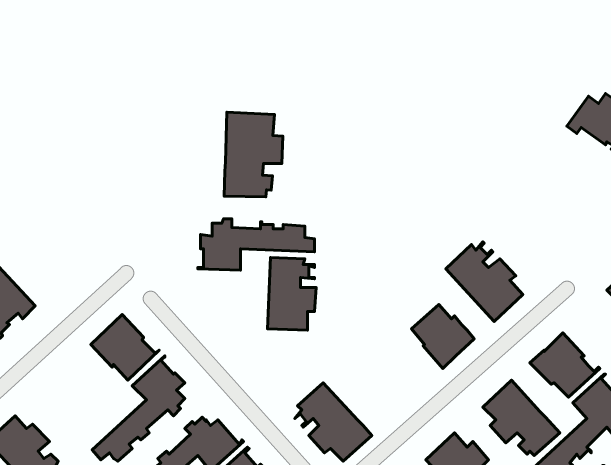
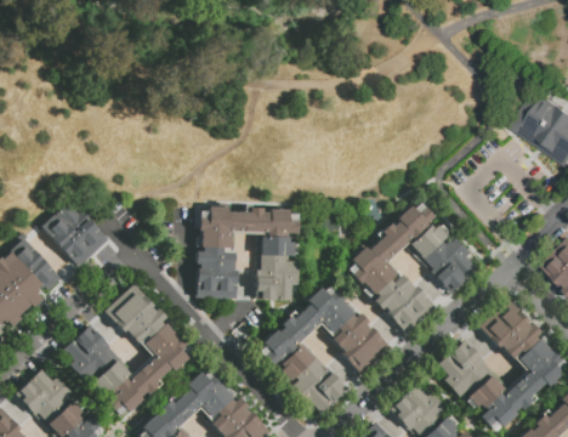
building: [224,112,283,197] -> none
building: none -> [45,204,107,265]
building: none -> [350,205,432,296]
building: none -> [197,252,237,297]
building: none -> [265,289,357,364]
building: none -> [335,317,388,373]
building: none -> [66,327,132,391]

